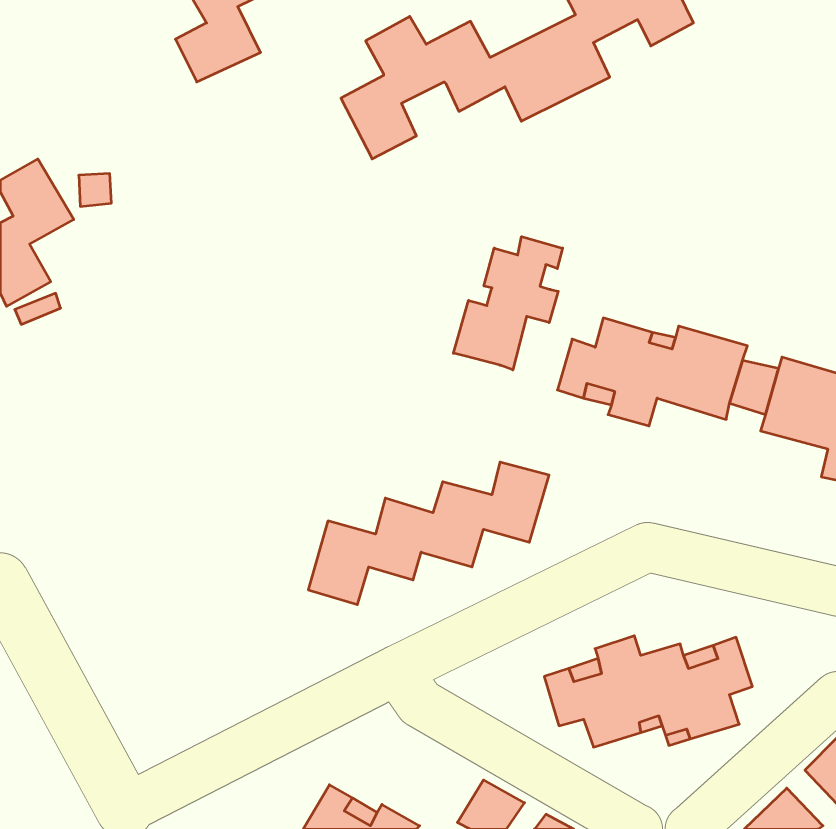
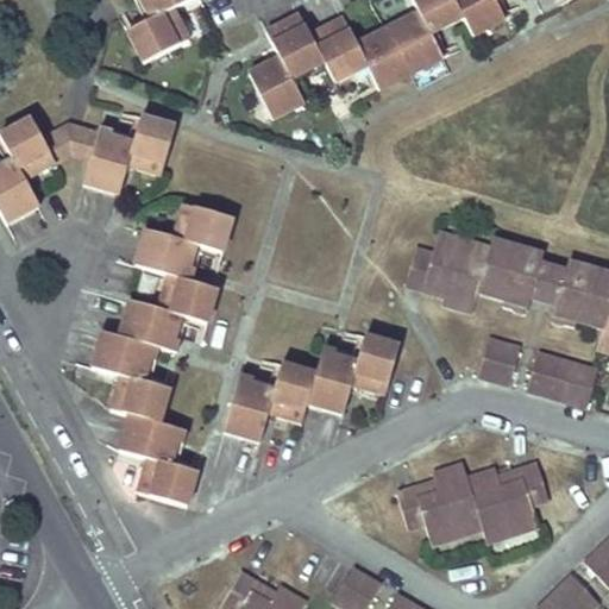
building: none -> [83,114,176,193]
building: [453,237,563,370] -> none
building: none -> [89,203,231,504]
building: none -> [478,337,520,383]
building: none -> [527,352,597,406]

